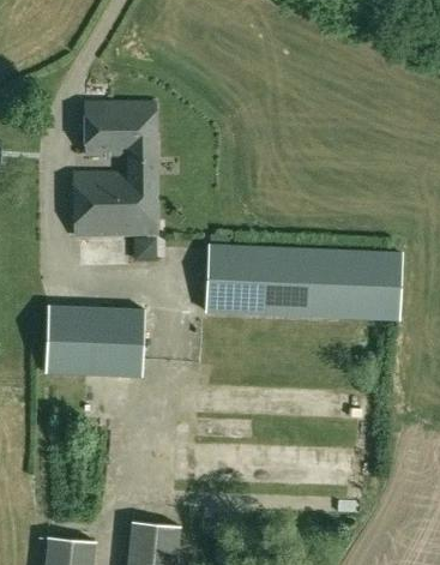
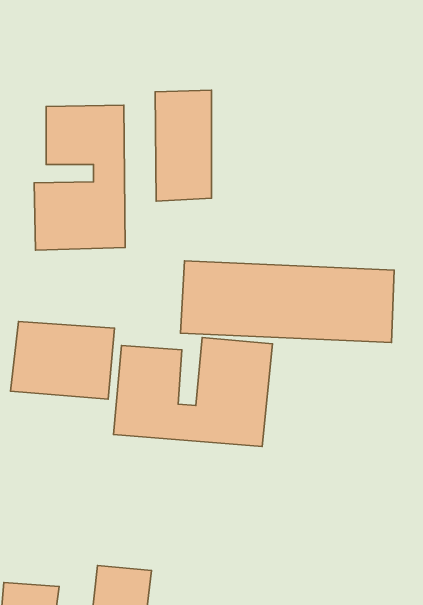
building: none -> [155,90,212,201]
building: none -> [114,338,272,447]

